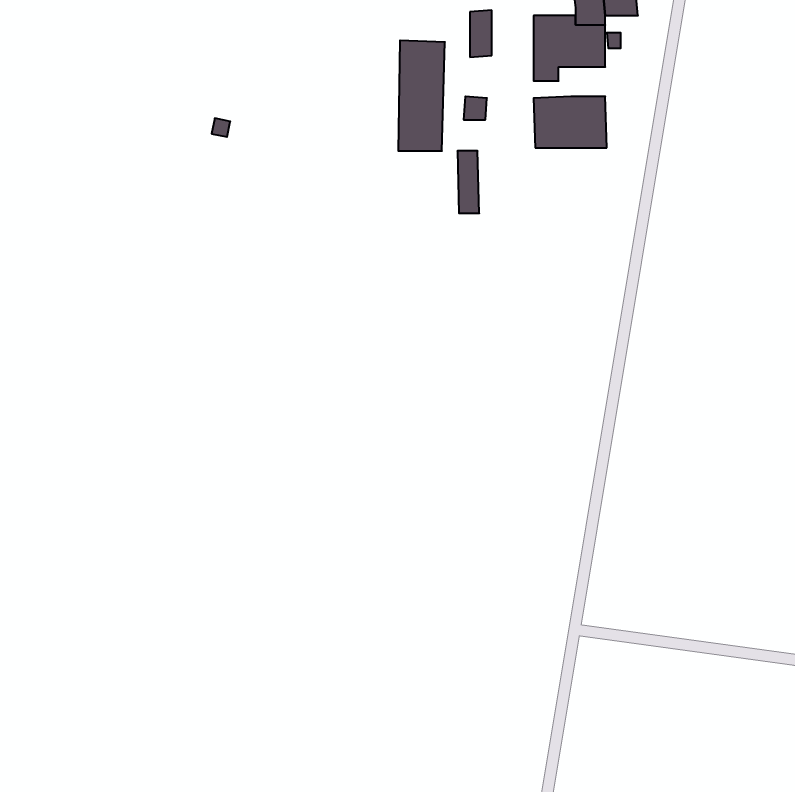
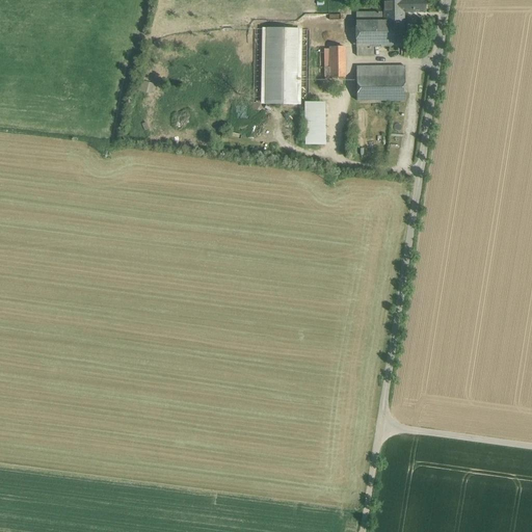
building: [470,10,492,57] -> [329,45,344,76]

